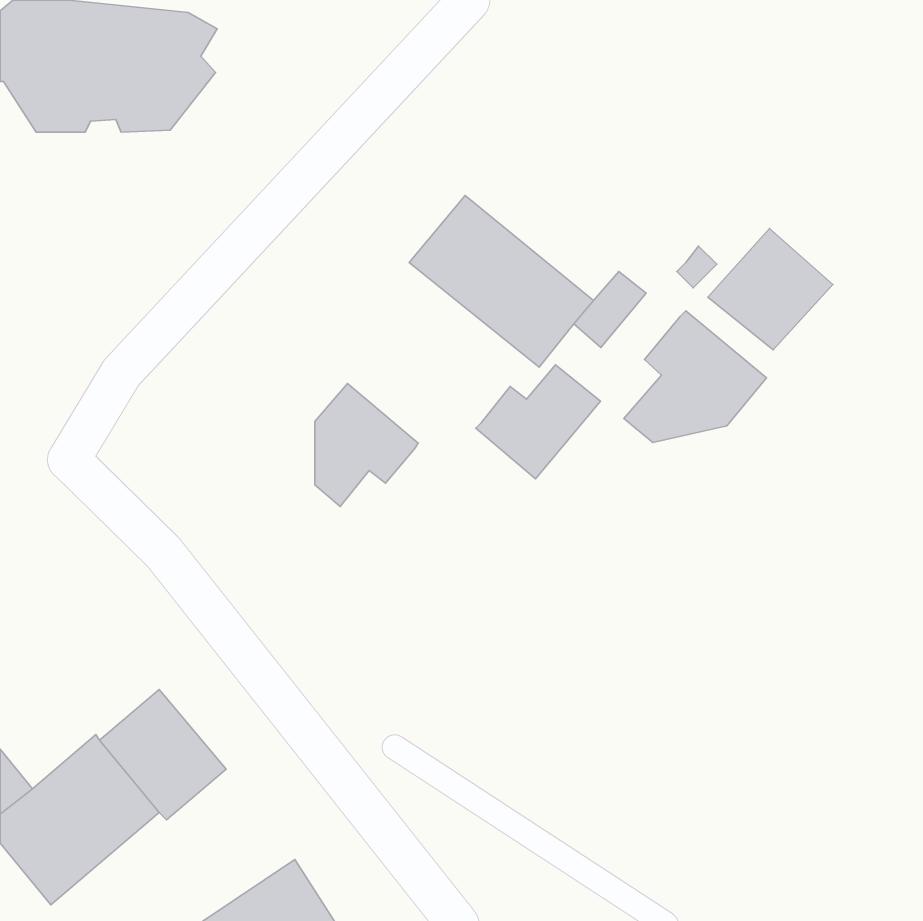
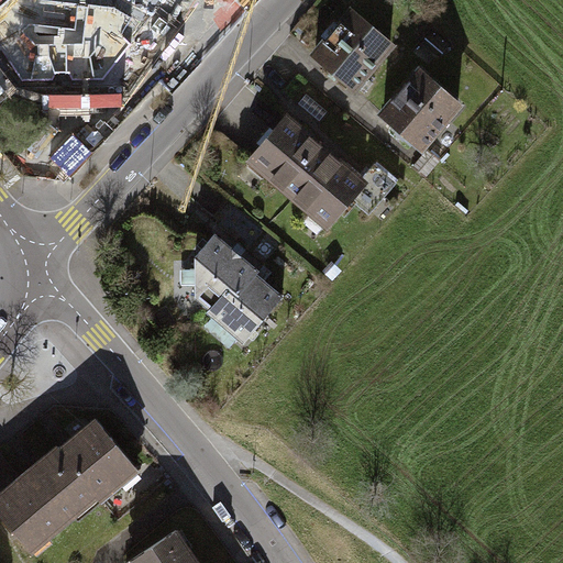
building: none -> [312,13,388,89]
building: [708,228,833,350] -> [380,74,456,147]
building: [624,311,766,442] -> none
building: [476,365,601,479] -> [205,275,280,344]

